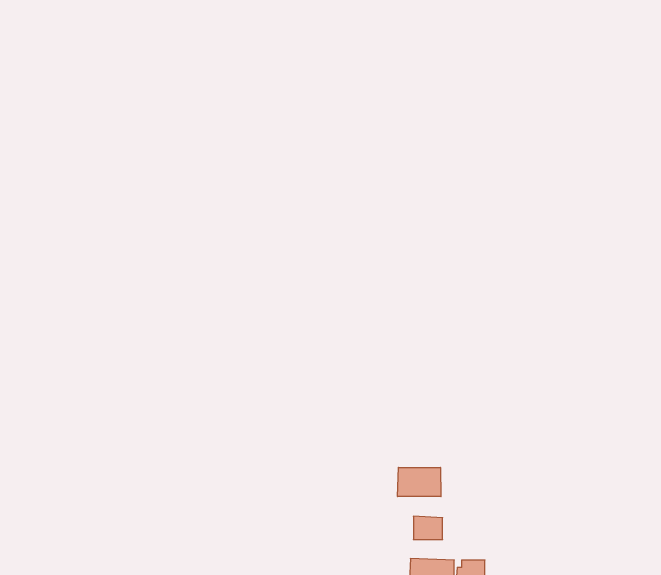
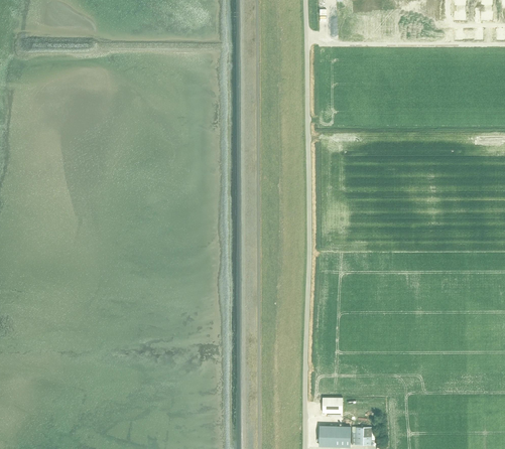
building: [398,467,441,497] -> none

